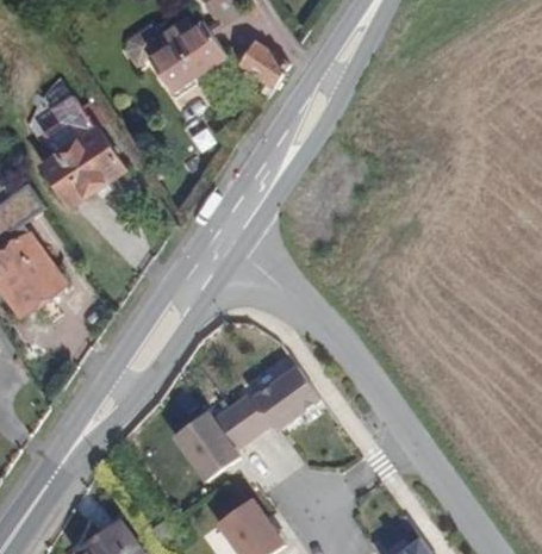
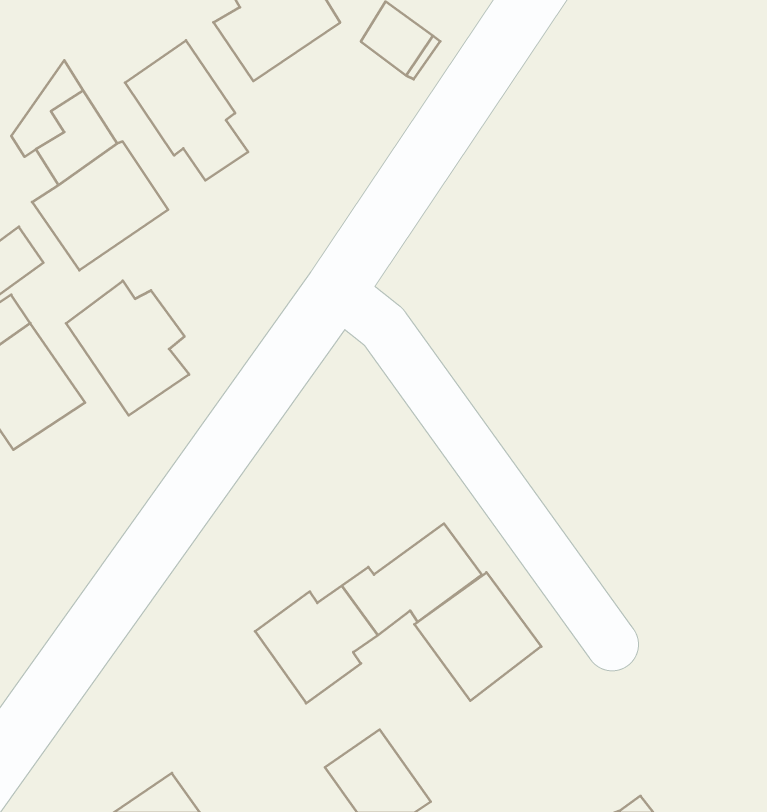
building: none -> [125,40,248,180]
building: none -> [66,281,189,415]
building: none -> [414,572,541,701]

